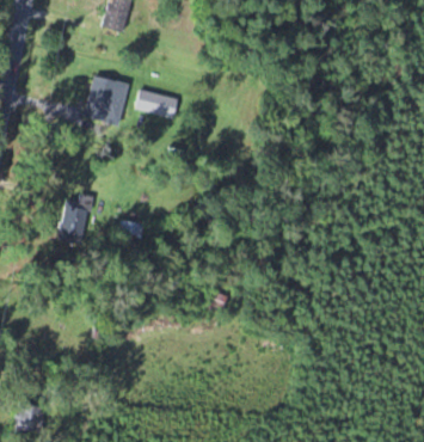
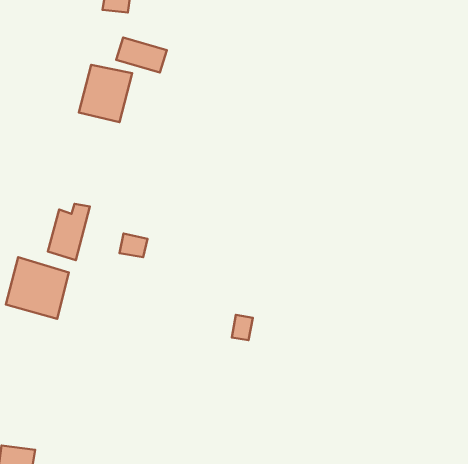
building: [135,88,178,118] -> [116,37,167,73]
building: none -> [6,257,69,319]

